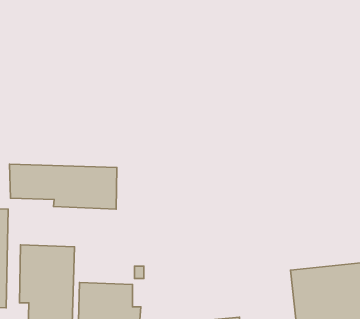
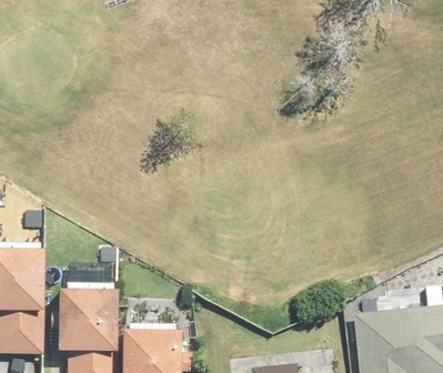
building: [10,164,117,209] -> none

